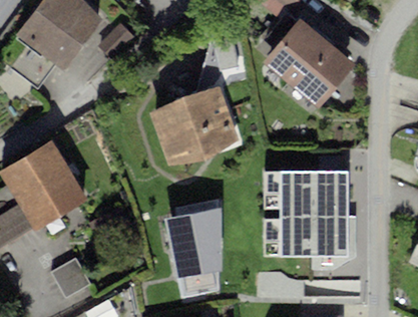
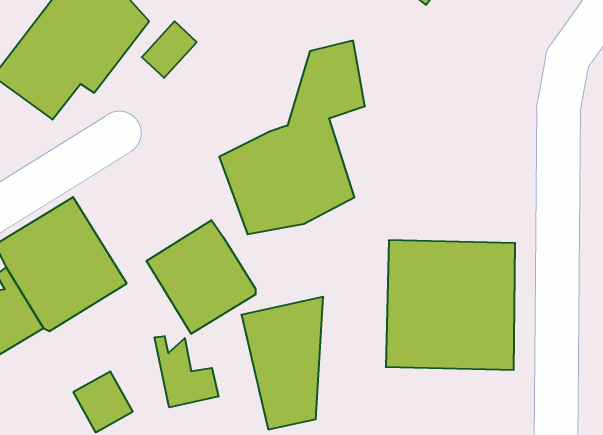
building: [264,17,356,107] -> none
building: none -> [147,220,255,334]
building: none -> [155,336,218,407]

